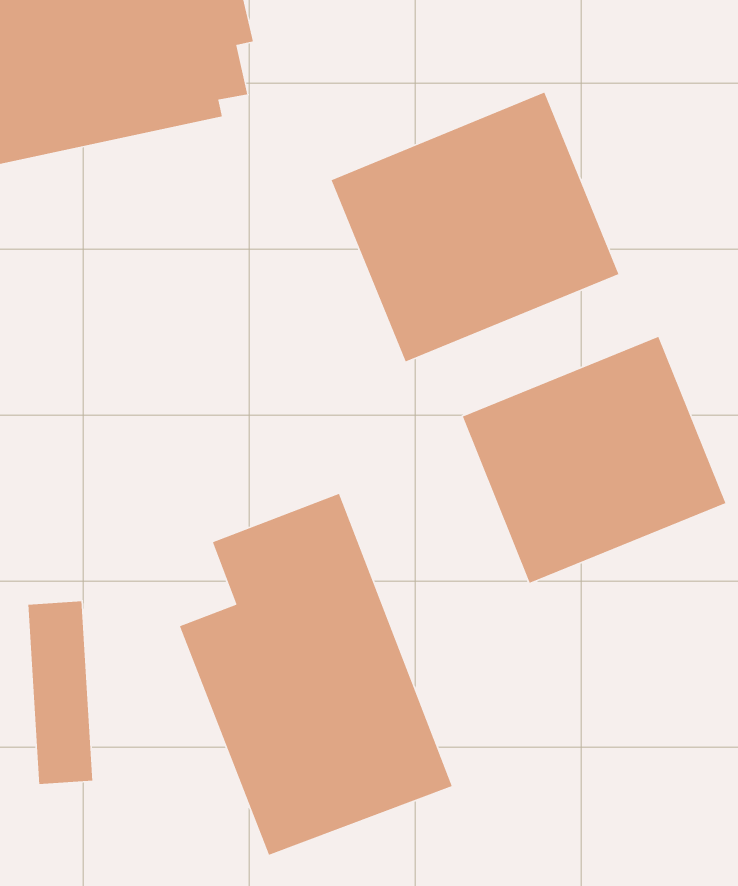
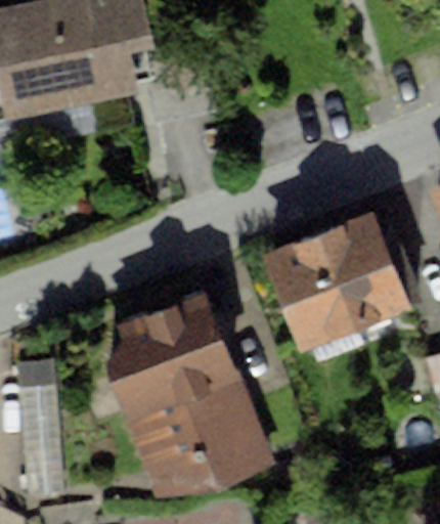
building: [331,92,619,363] -> none

